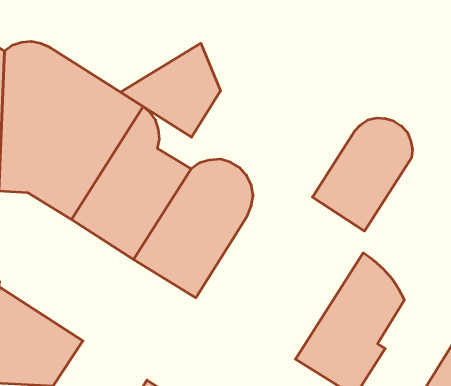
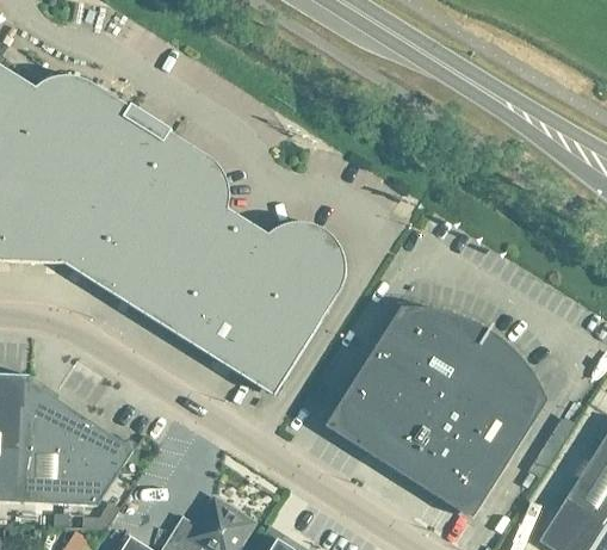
building: [121,43,221,137] -> none
building: [312,118,412,231] -> none
building: none -> [326,317,483,471]

